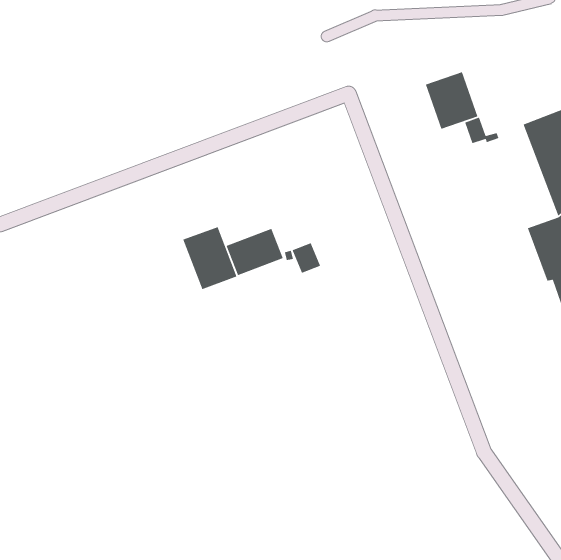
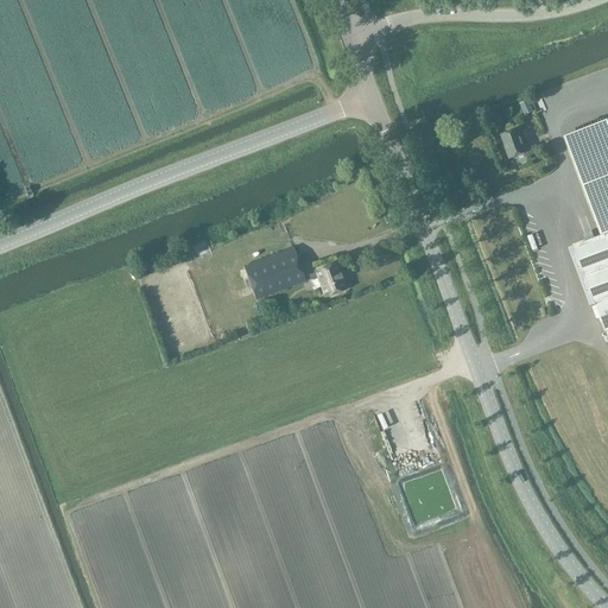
building: [425,71,479,130] -> none
building: [182,226,238,290] -> none

